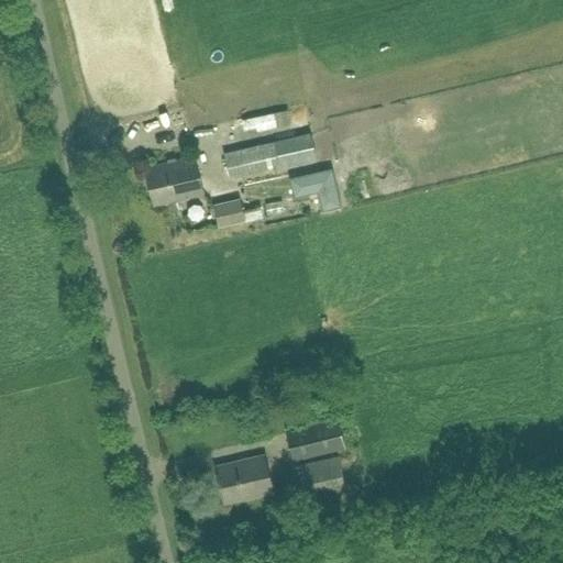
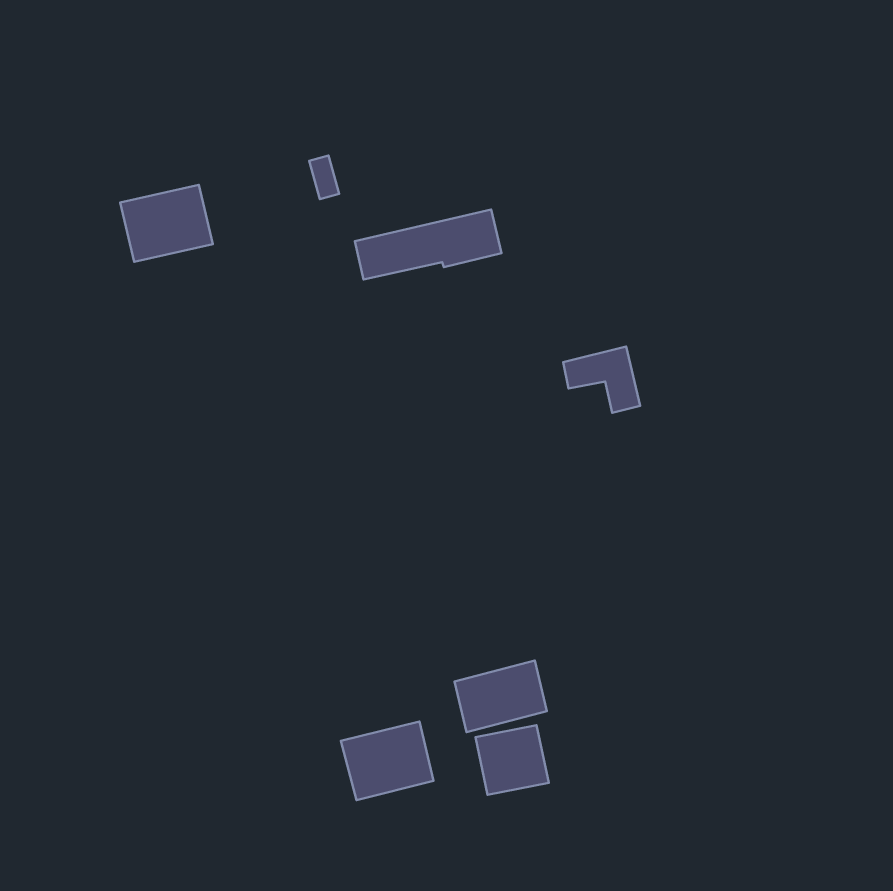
building: [145,157,203,206] -> [120,185,213,262]
building: [292,173,341,214] -> [563,347,640,413]
building: [213,199,244,229] -> none

